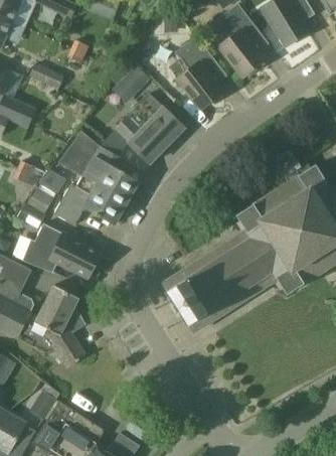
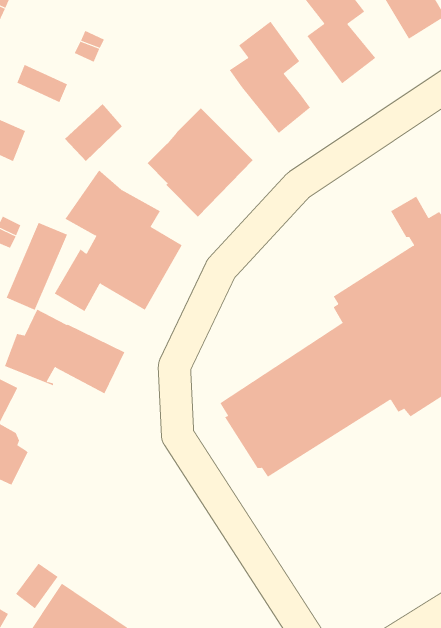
building: [112,63,150,102] -> [64,103,123,162]
building: [27,284,85,366] -> none

